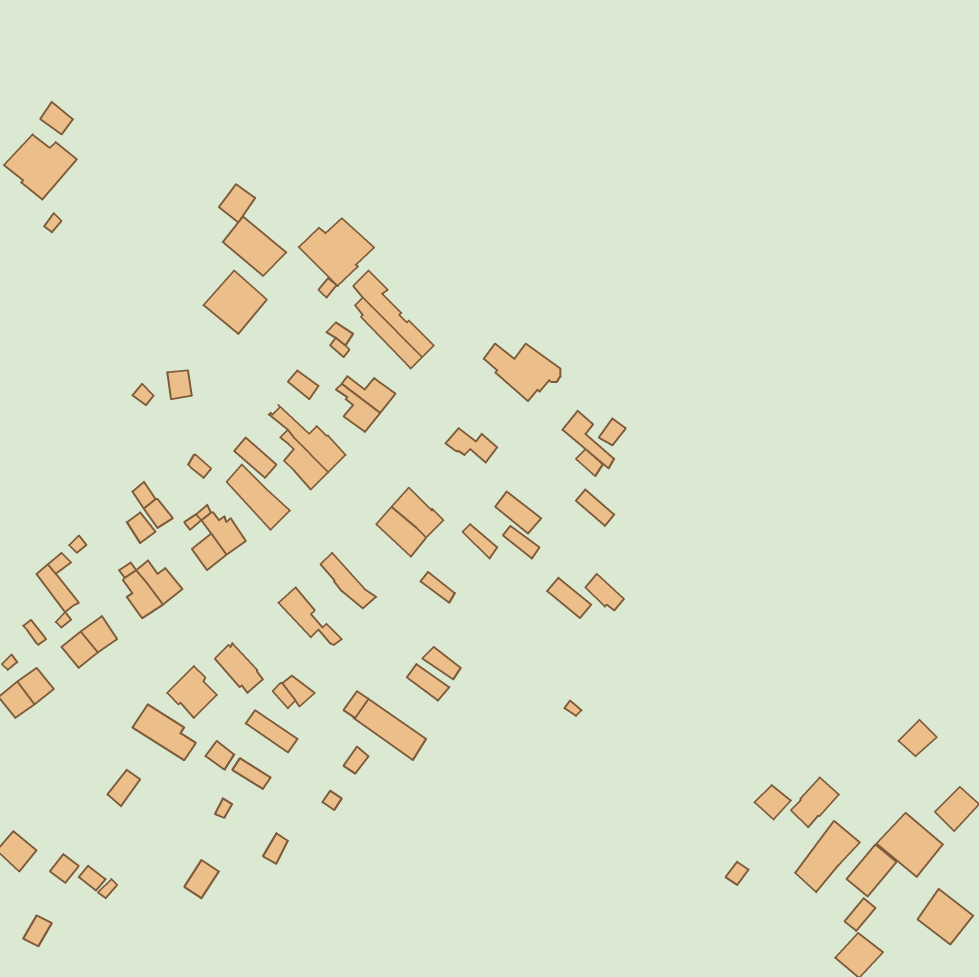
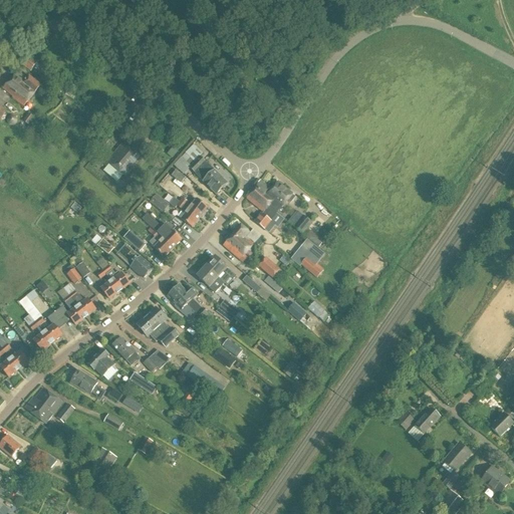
building: [223,216,286,276] -> none
building: [299,218,374,286] -> none
building: none -> [246,188,276,230]
building: none -> [223,232,254,259]
building: none -> [174,284,207,316]
building: none -> [136,315,175,346]
building: none -> [24,387,61,422]
building: [877,813,943,877] -> none
building: [795,821,860,892] -> none

